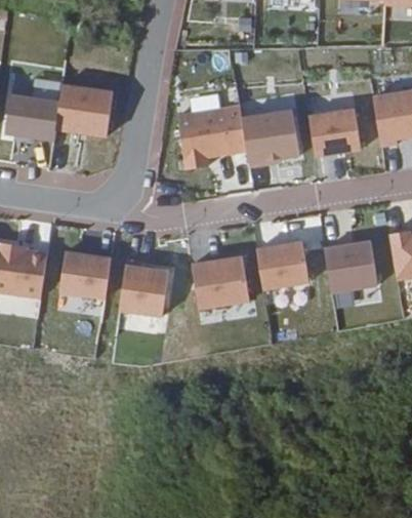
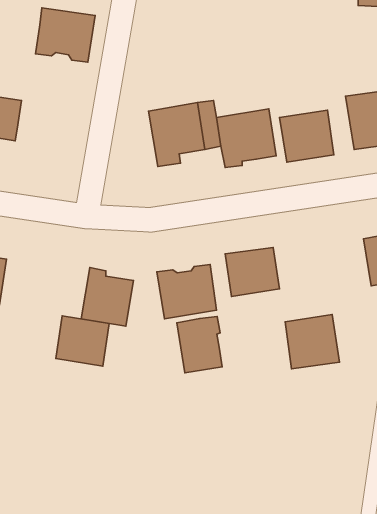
building: [56,84,114,136] -> [36,8,95,62]
building: [325,241,377,293] -> [285,314,339,369]
building: [58,251,110,300] -> [56,316,109,366]
building: none -> [177,317,222,373]

